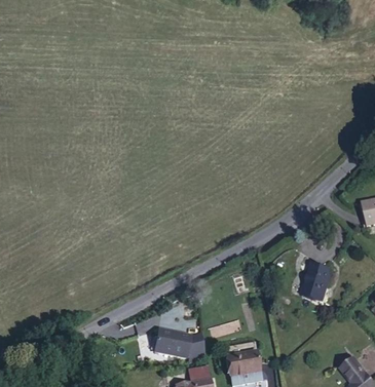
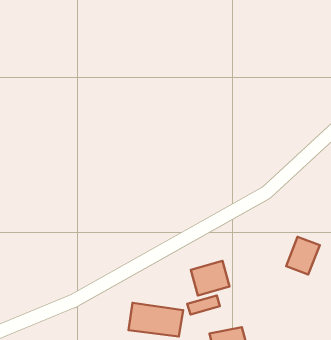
building: none -> [191,261,230,295]

